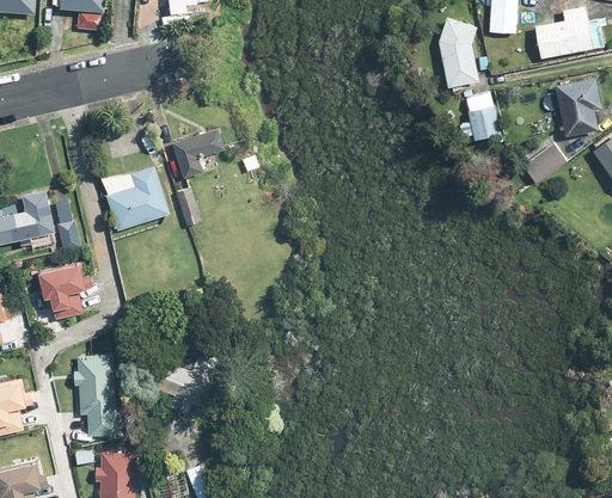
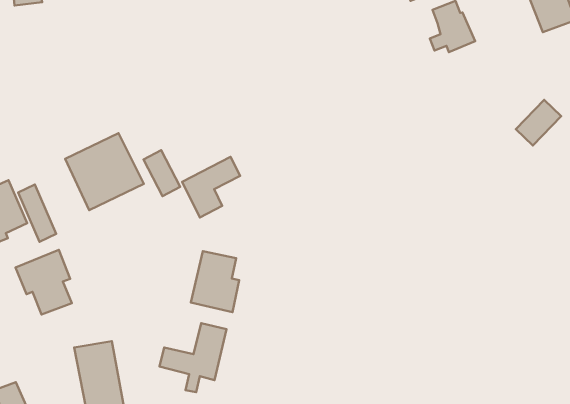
building: [171,129,226,180] -> [182,157,240,217]
building: [522,143,567,184] -> [516,100,561,146]
building: none -> [191,251,239,312]

